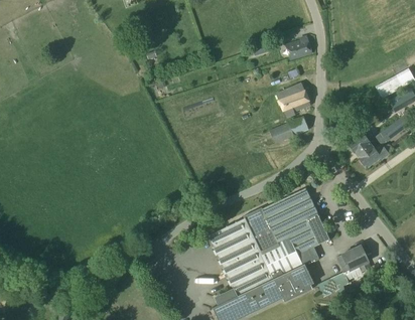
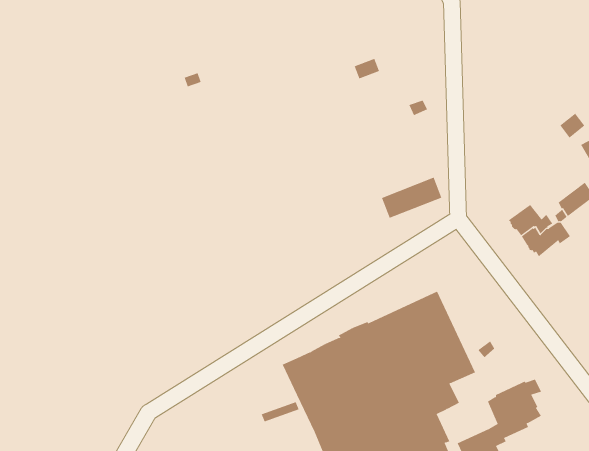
building: [286,36,313,60] -> none
building: [277,83,310,117] -> none

